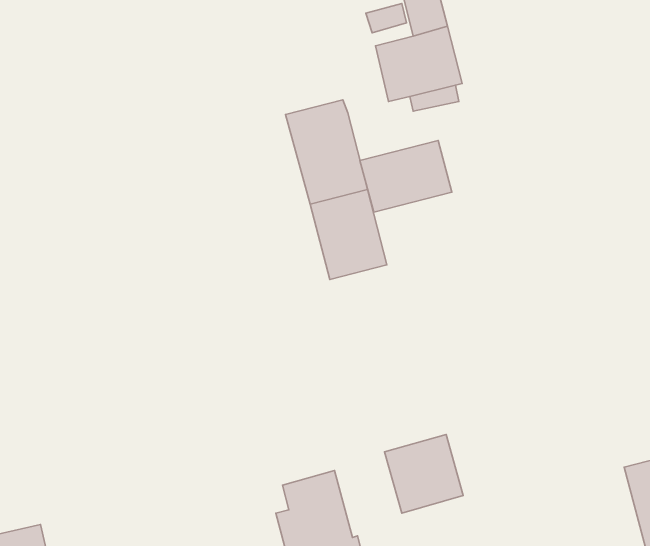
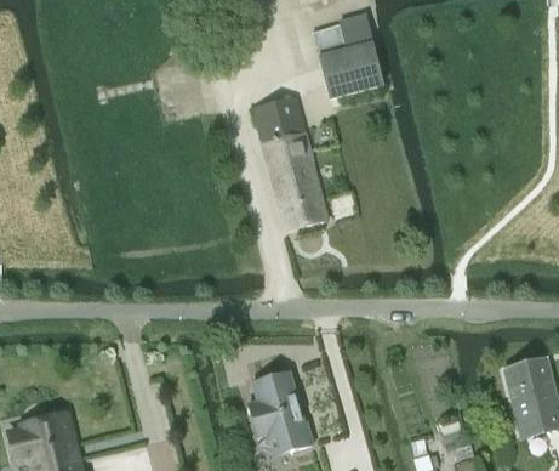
building: [360,141,452,212] -> none
building: [385,434,463,513] -> none

